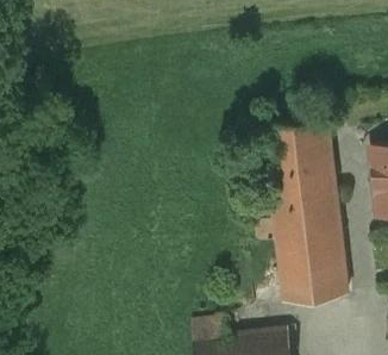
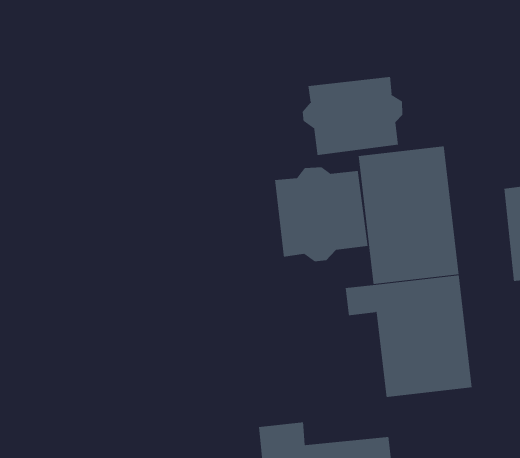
building: none -> [302,76,403,156]
building: none -> [274,167,368,262]

